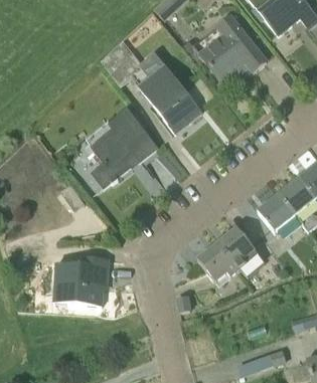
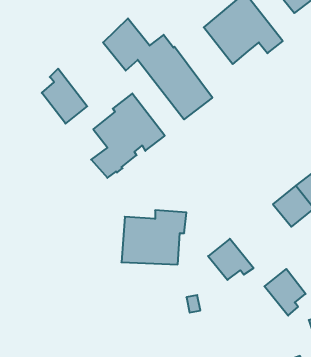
building: none -> [42,69,87,124]
building: [217,226,256,269] -> [264,269,306,316]
building: [49,255,110,306] -> [121,210,186,264]

